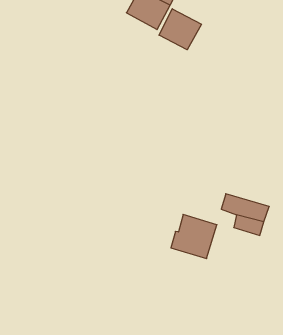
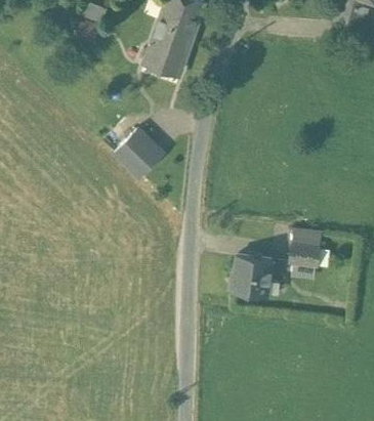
building: [159,9,201,50] -> none
building: none -> [116,129,166,178]

